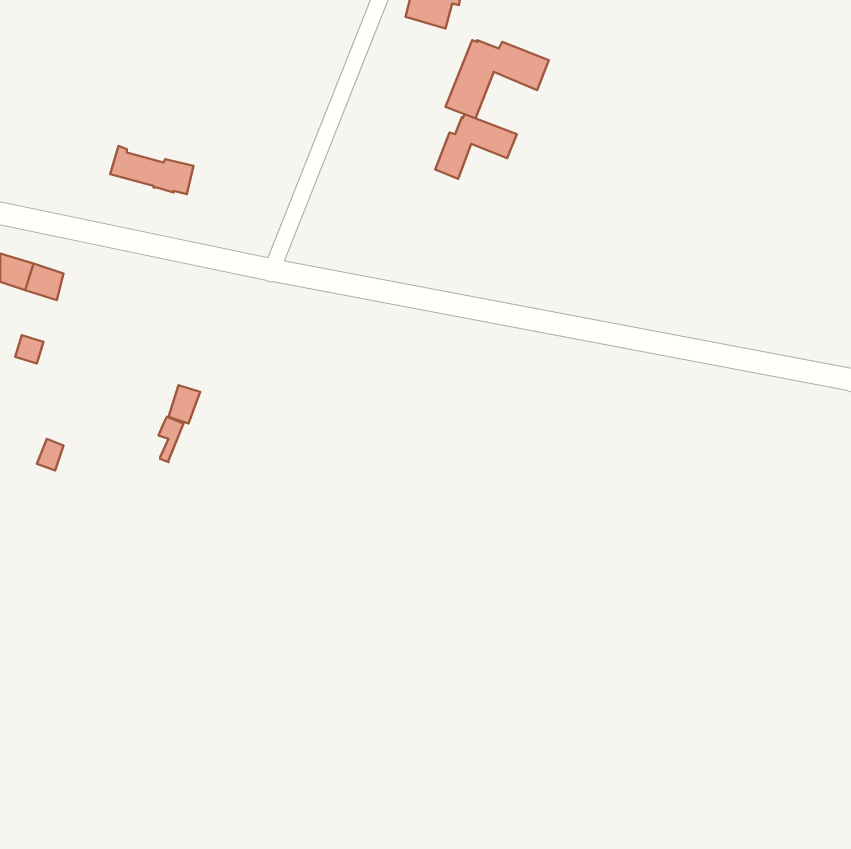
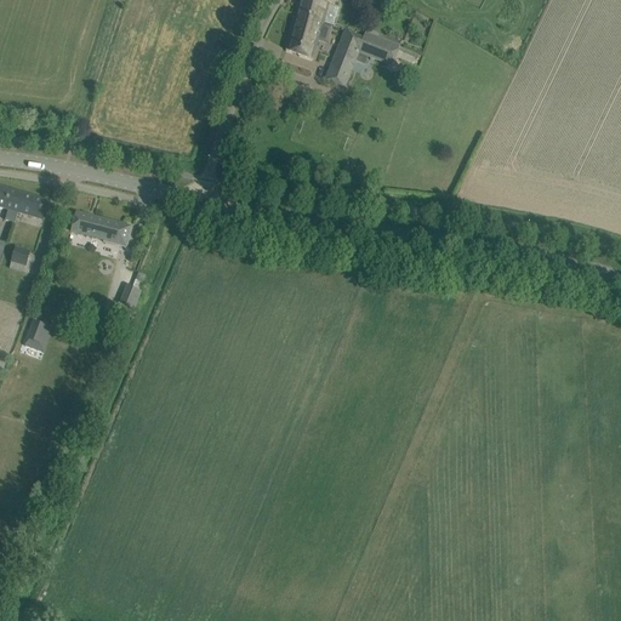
building: none -> [287,12,325,56]
building: [435,114,517,179] -> none
building: [110,146,194,194] -> [72,210,132,245]

